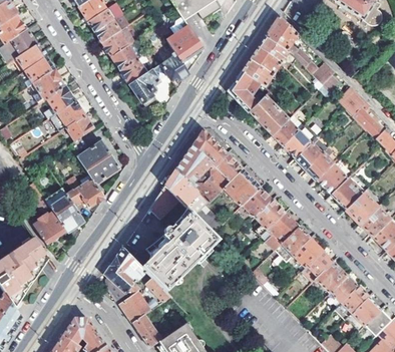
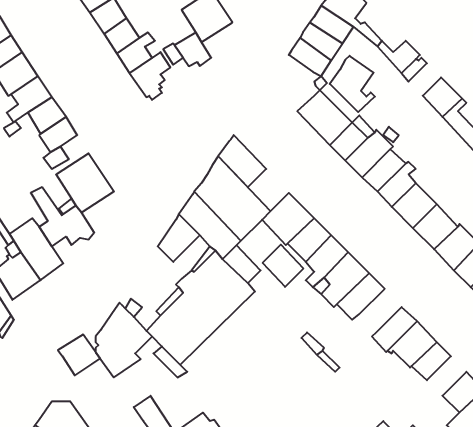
building: [229,71,261,111] -> [330,56,375,112]
building: [214,152,243,183] -> [263,245,303,287]
building: [293,238,323,269] -> none
building: [341,286,369,314] -> none
building: [120,293,150,322] -> [58,335,100,375]

